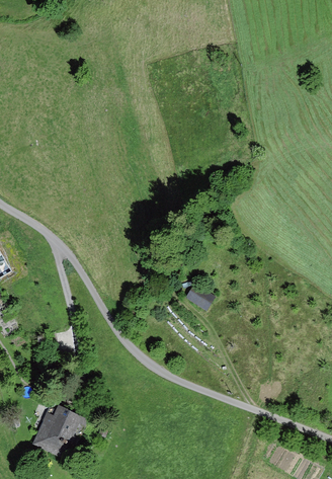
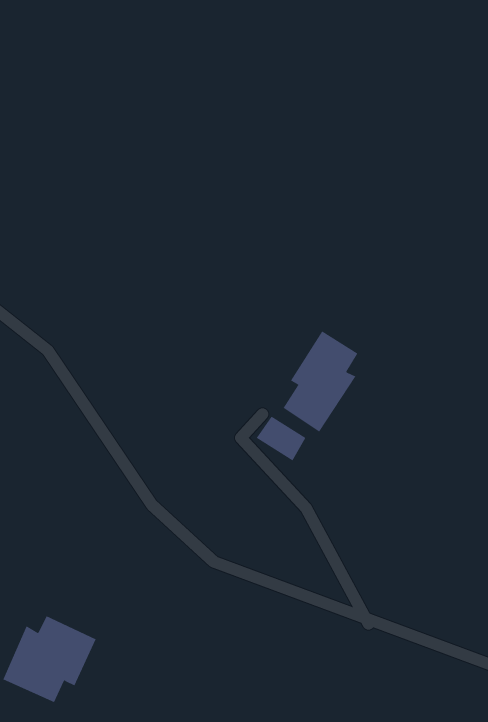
building: none -> [283,330,358,432]

